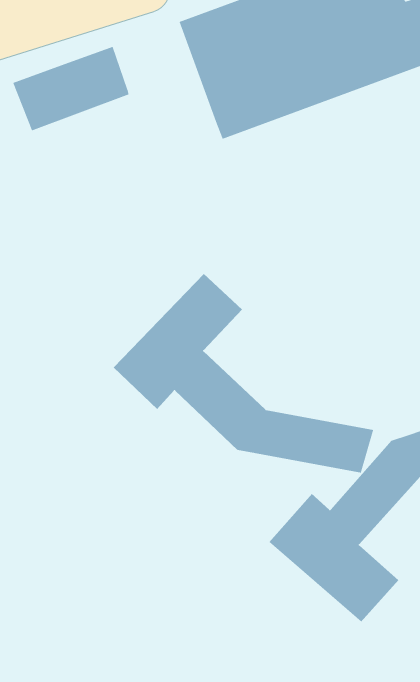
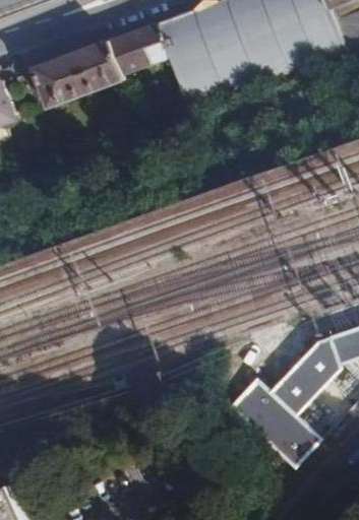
building: none -> [109,22,170,73]
building: [113,273,374,474] -> none

